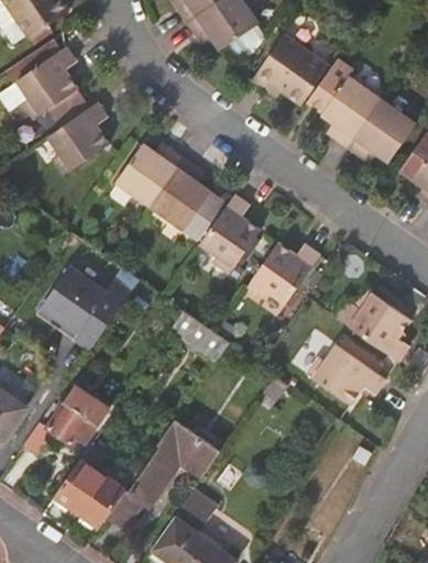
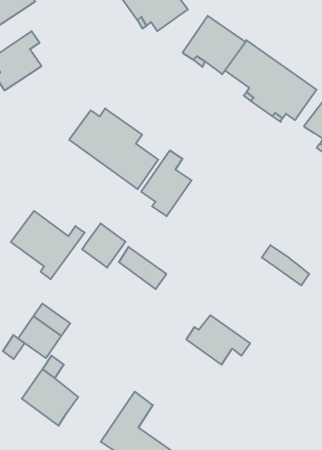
building: [50,103,110,175] -> none
building: [248,243,321,305] -> none
building: none -> [82,223,126,268]
building: [355,288,410,336] -> none
building: [306,345,384,406] -> [186,315,250,365]
building: [110,421,219,528] -> none

